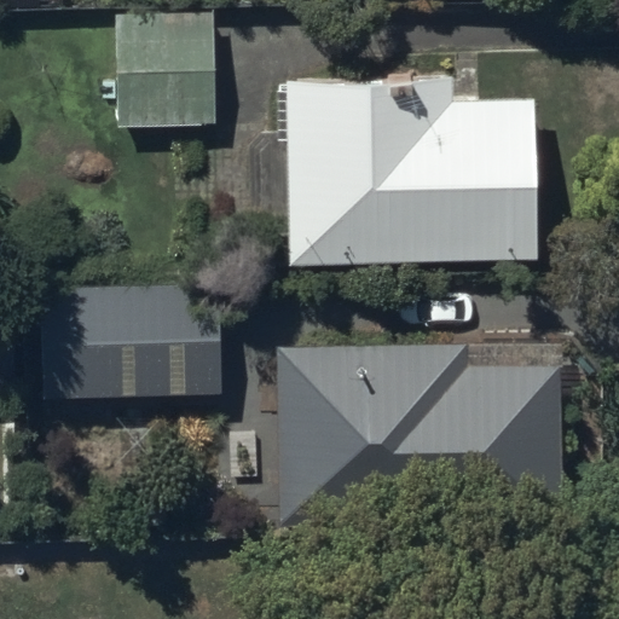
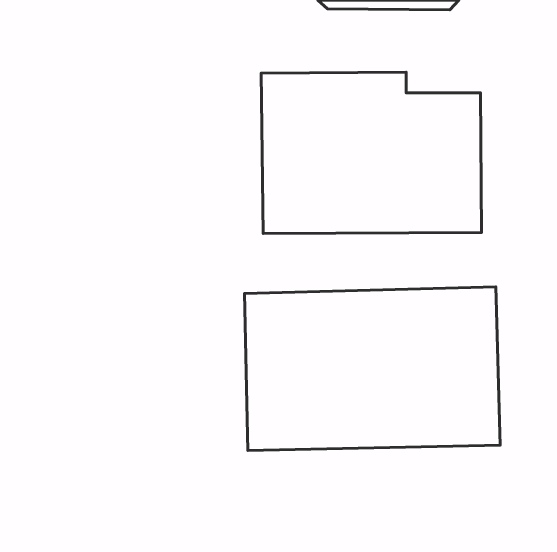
building: [117,19,218,135] -> none
building: [36,261,219,383] -> none

